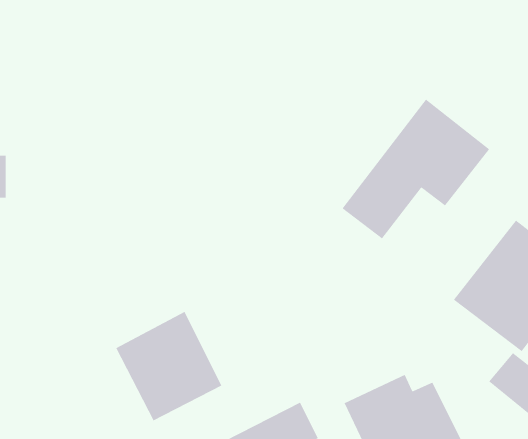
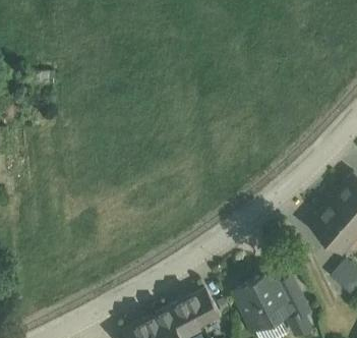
building: [341,99,490,239] -> none
building: [115,311,222,422] -> none

